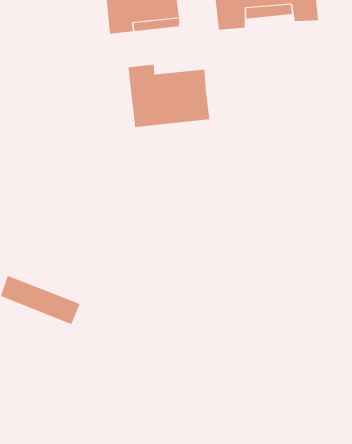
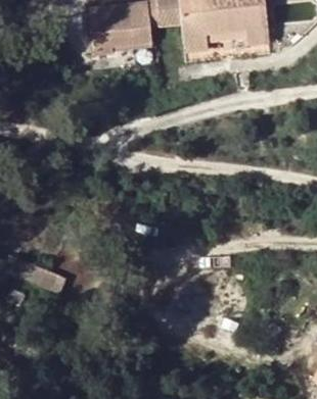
building: [128,64,210,128] -> none

